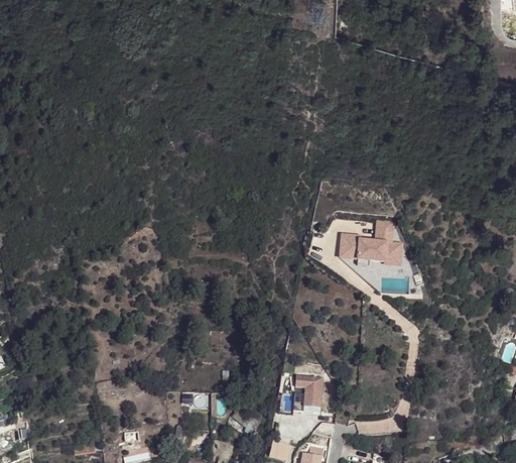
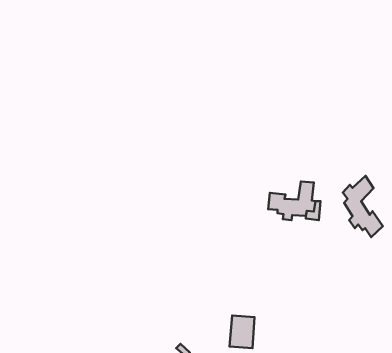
building: none -> [343,176,383,237]

